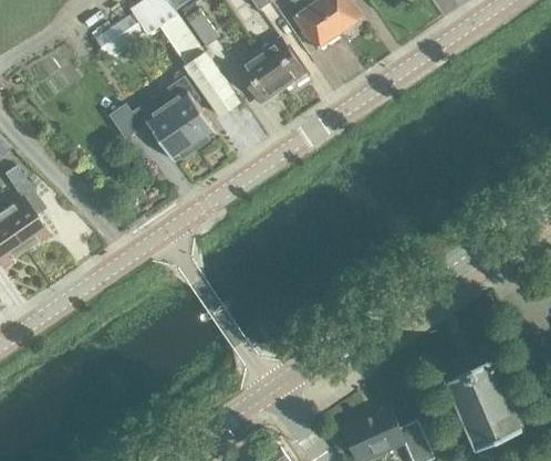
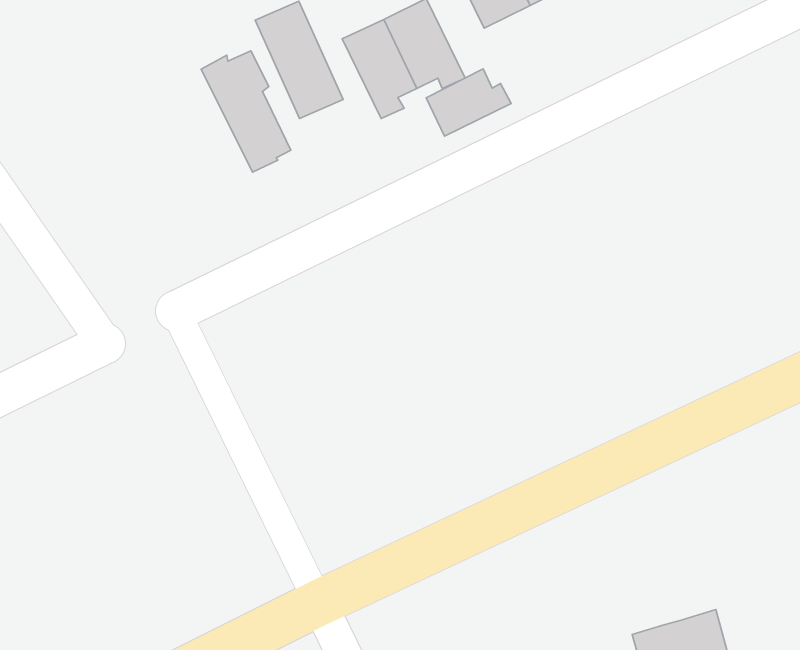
building: none -> [426,69,511,136]
building: [110,95,195,163] -> none

